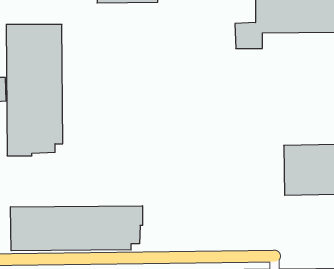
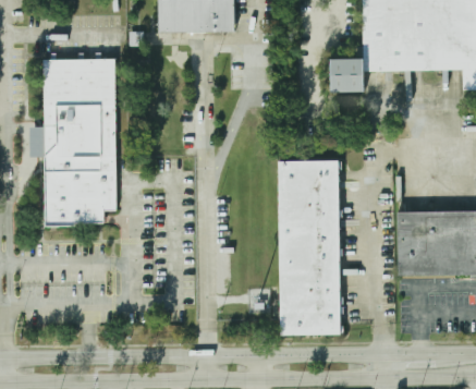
building: none -> [281,158,345,335]
building: [11,206,143,251] -> none

